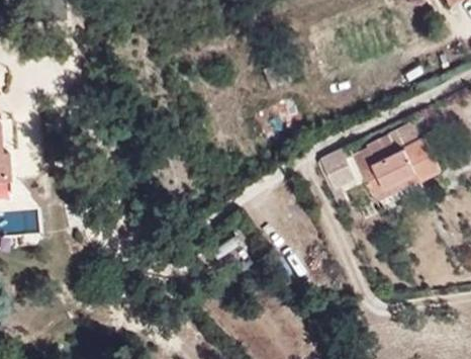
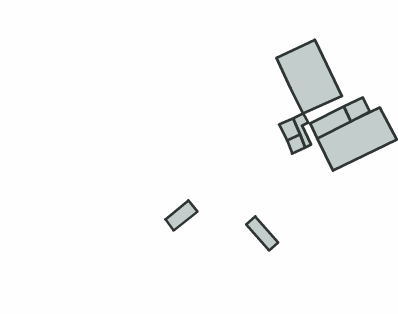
building: none -> [277,40,342,114]

